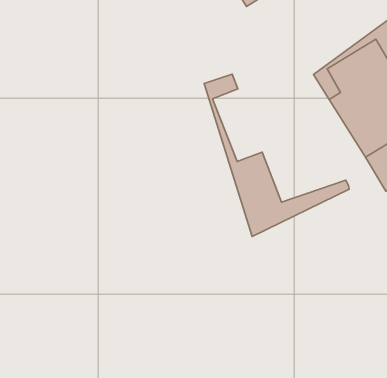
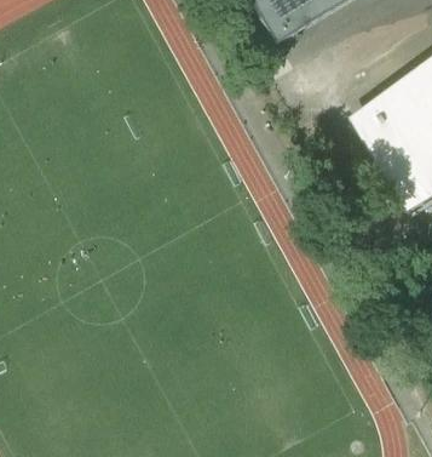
building: [204,74,349,237] -> none

